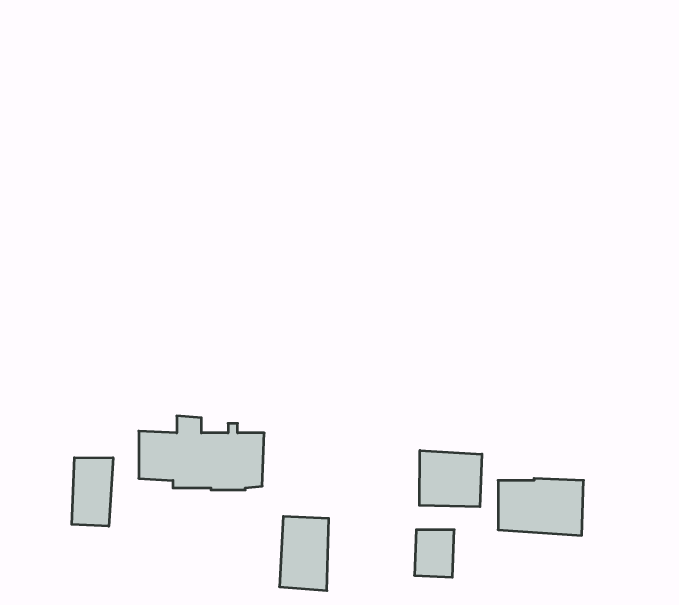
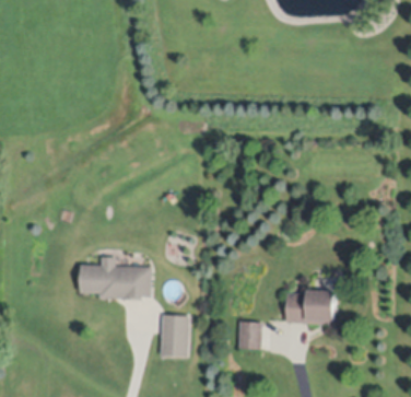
building: [419,450,482,507] -> none
building: [72,458,113,526] -> none

